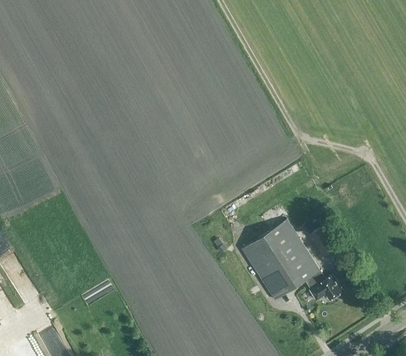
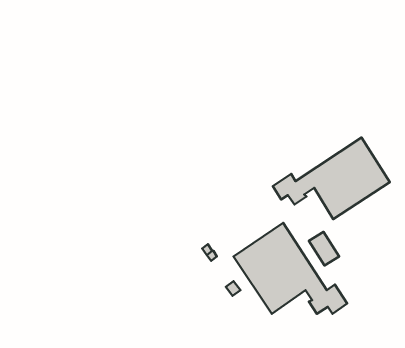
building: none -> [273,137,390,219]

